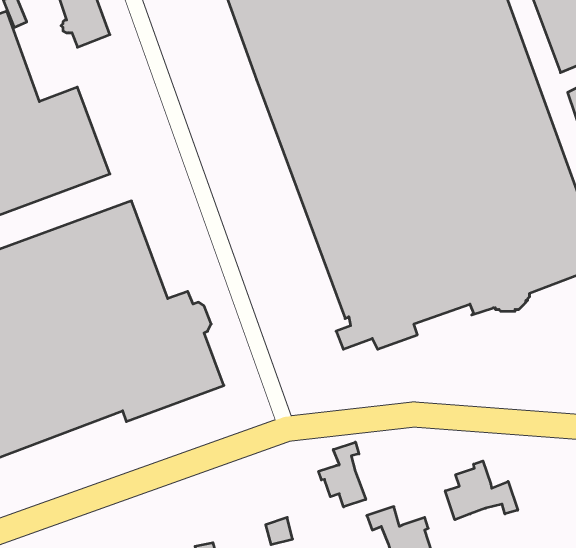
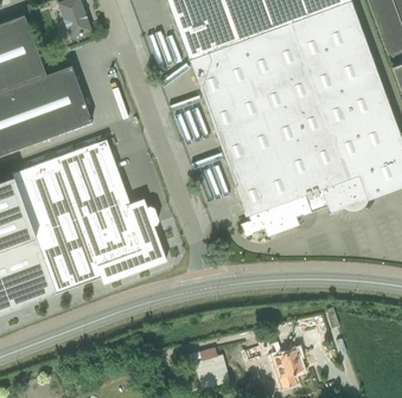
building: [319,442,366,507] -> none
building: [445,461,518,520] -> none

